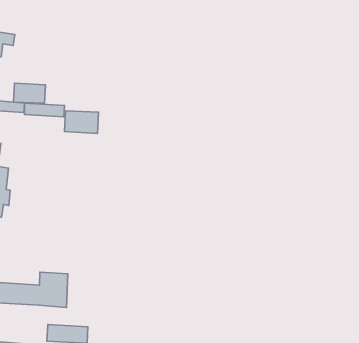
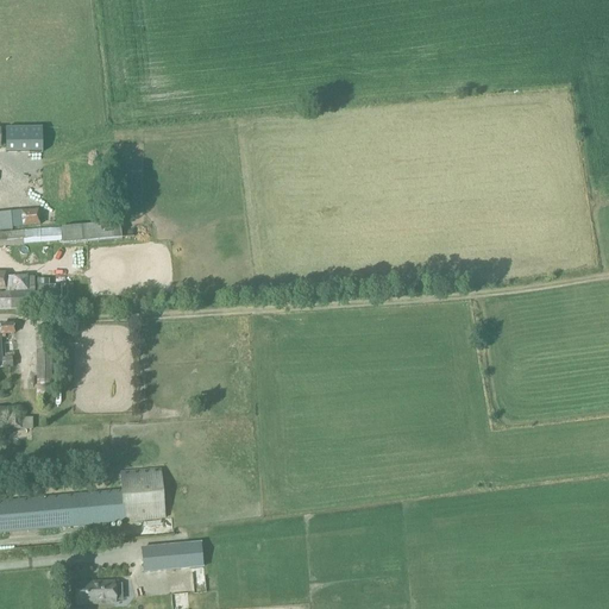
building: [14,83,46,103] -> none
building: [64,111,99,133] -> none

